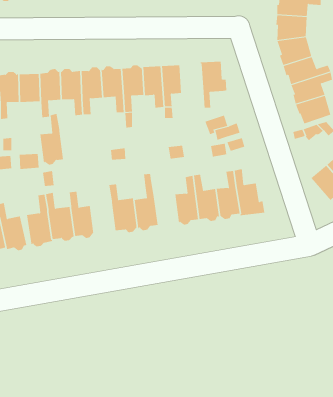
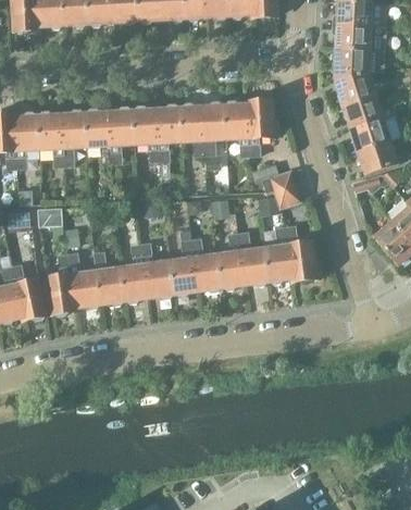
building: none -> [224,102,251,157]
building: [39,113,64,165] -> [121,244,149,303]
building: none -> [191,238,223,293]

